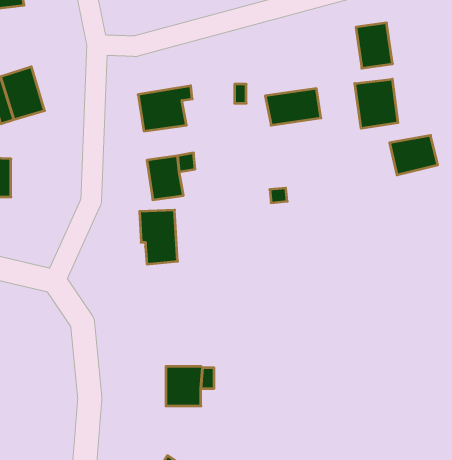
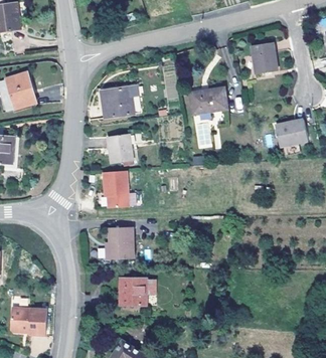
building: [355,79,398,128] -> none
building: none -> [109,227,133,259]
building: none -> [10,308,46,335]

